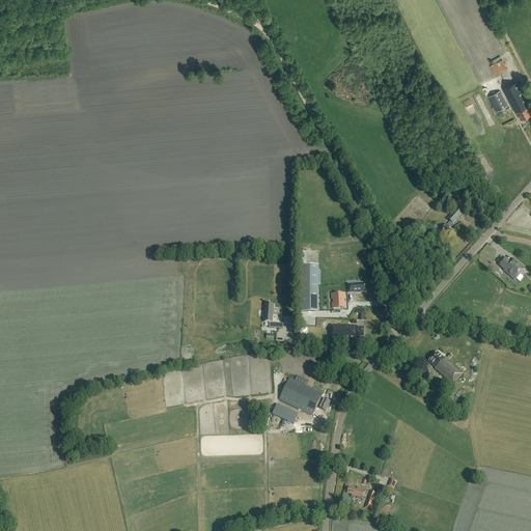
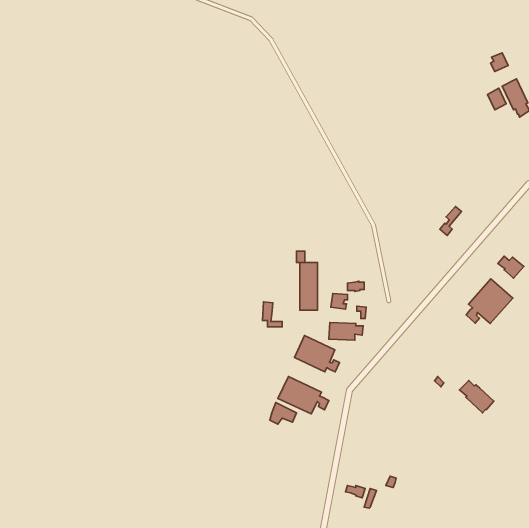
building: none -> [466,279,513,324]
building: none -> [294,336,340,372]
building: [427,351,462,383] -> [460,381,494,413]

